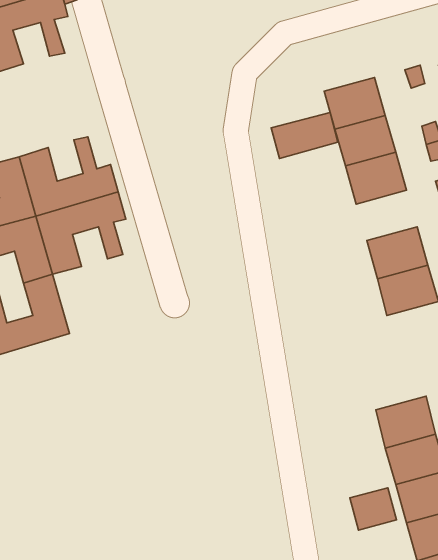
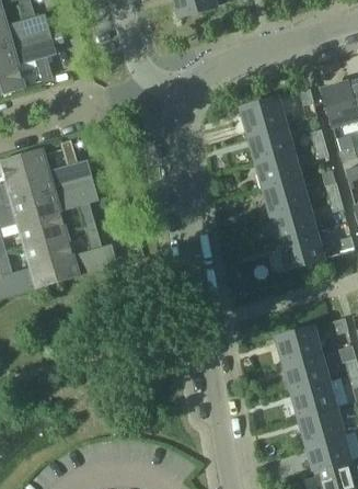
building: [271,113,338,158] -> none
building: none -> [264,179,308,215]
building: none -> [46,225,117,282]
building: [350,488,396,530] -> none

